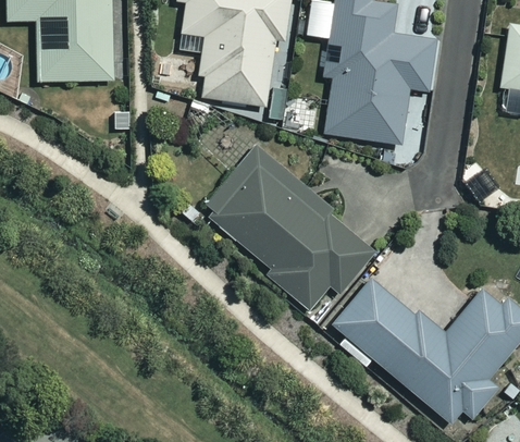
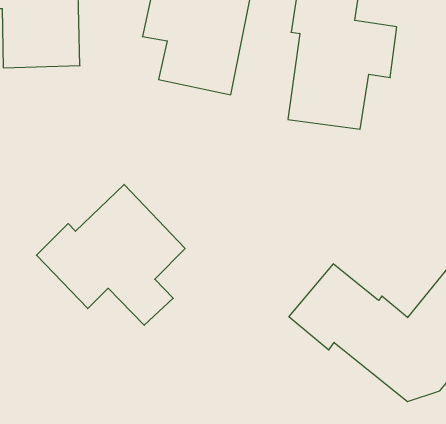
building: [203,144,371,315] -> none
building: none -> [36,184,185,325]

